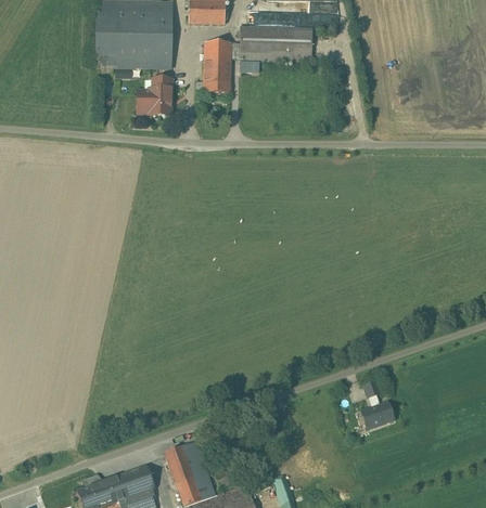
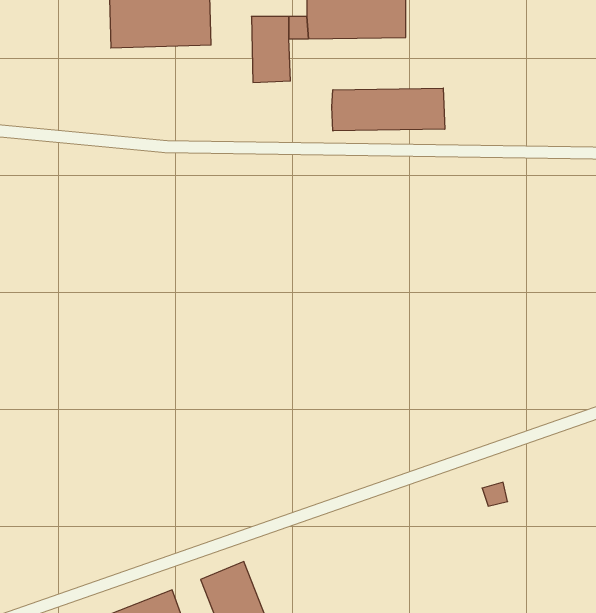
building: [140,82,176,120] -> none
building: none -> [332,88,445,131]
building: [363,405,396,432] -> none

